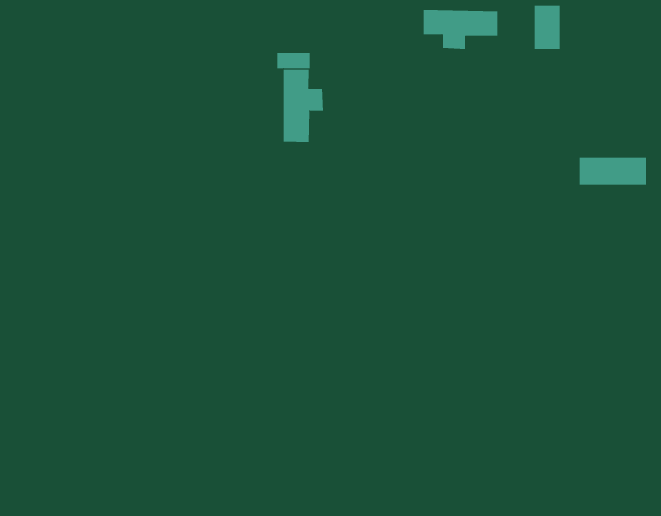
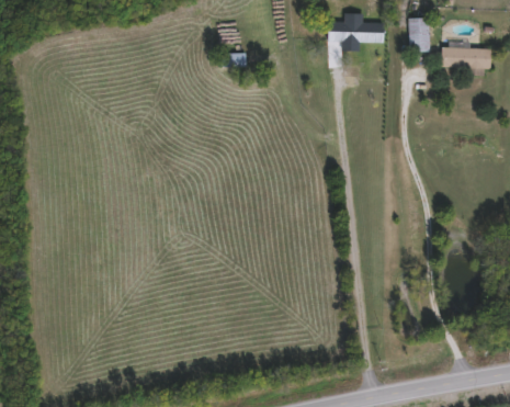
building: [283,69,323,143] -> none
building: [579,157,647,185] -> [442,47,492,68]

